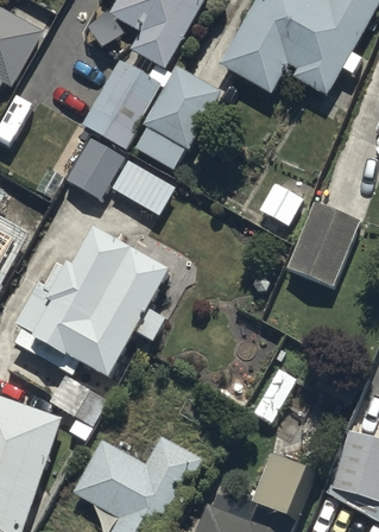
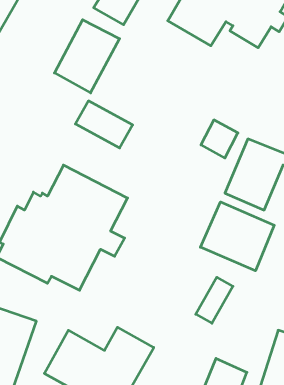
building: [135,66,220,167] -> none
building: [67,134,125,196] -> none
building: none -> [200,202,274,271]

